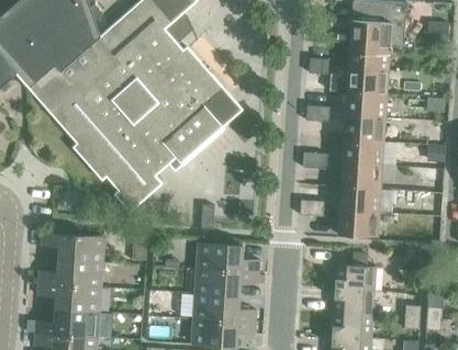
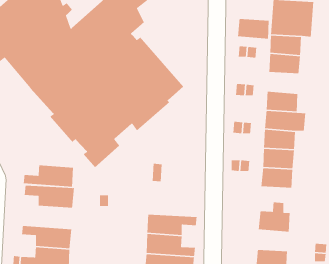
building: [345,92,386,118] -> [237,18,270,39]
building: [196,242,259,272] -> none
building: [38,259,102,287] -> [23,165,74,187]
building: [333,289,373,315] -> none

